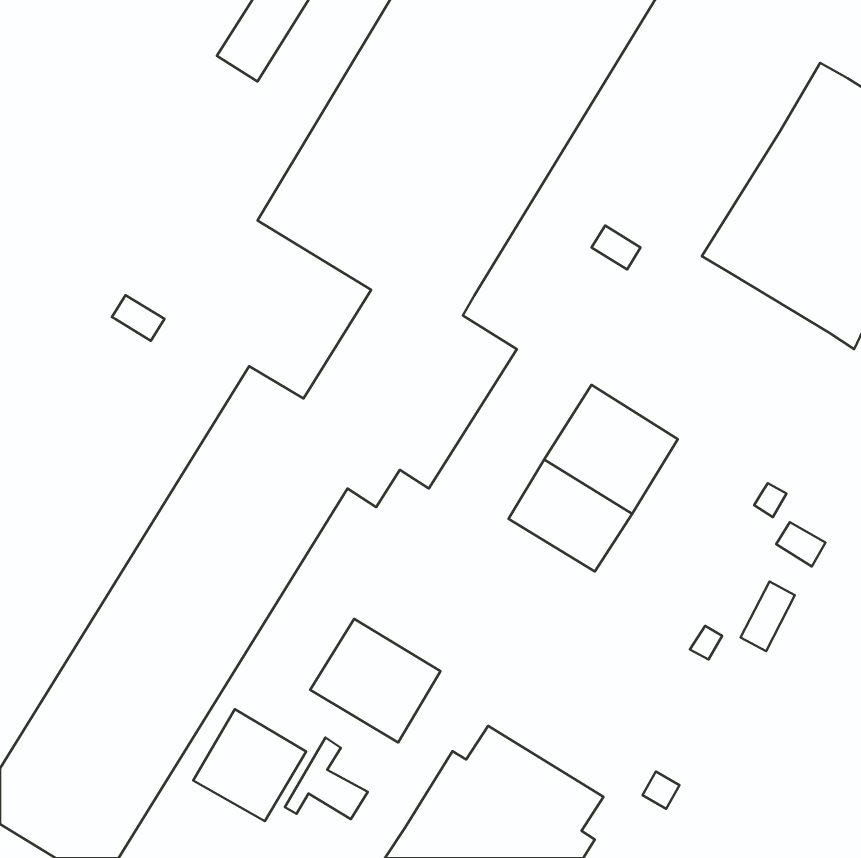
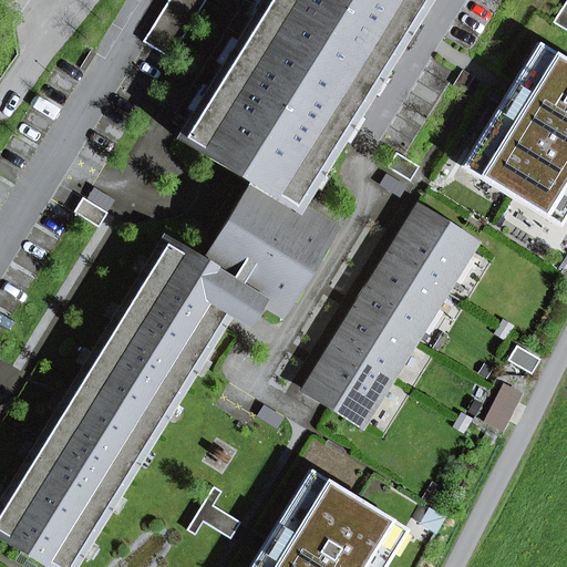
building: none -> [390,203,476,287]
building: [310,619,441,742] -> [307,339,392,420]
building: [193,709,306,821] -> none

